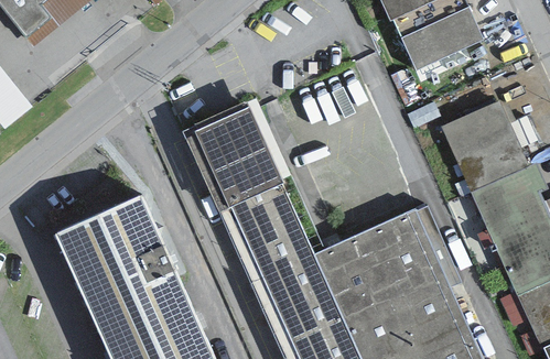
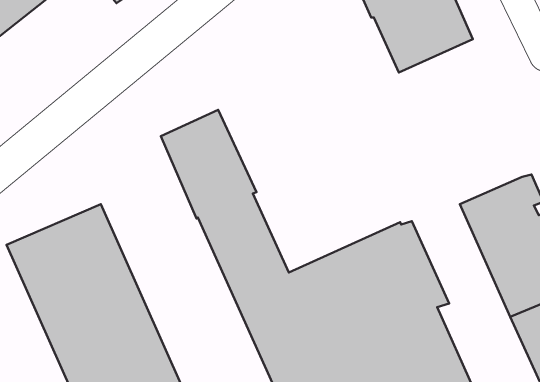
building: [442,101,528,192] -> none

